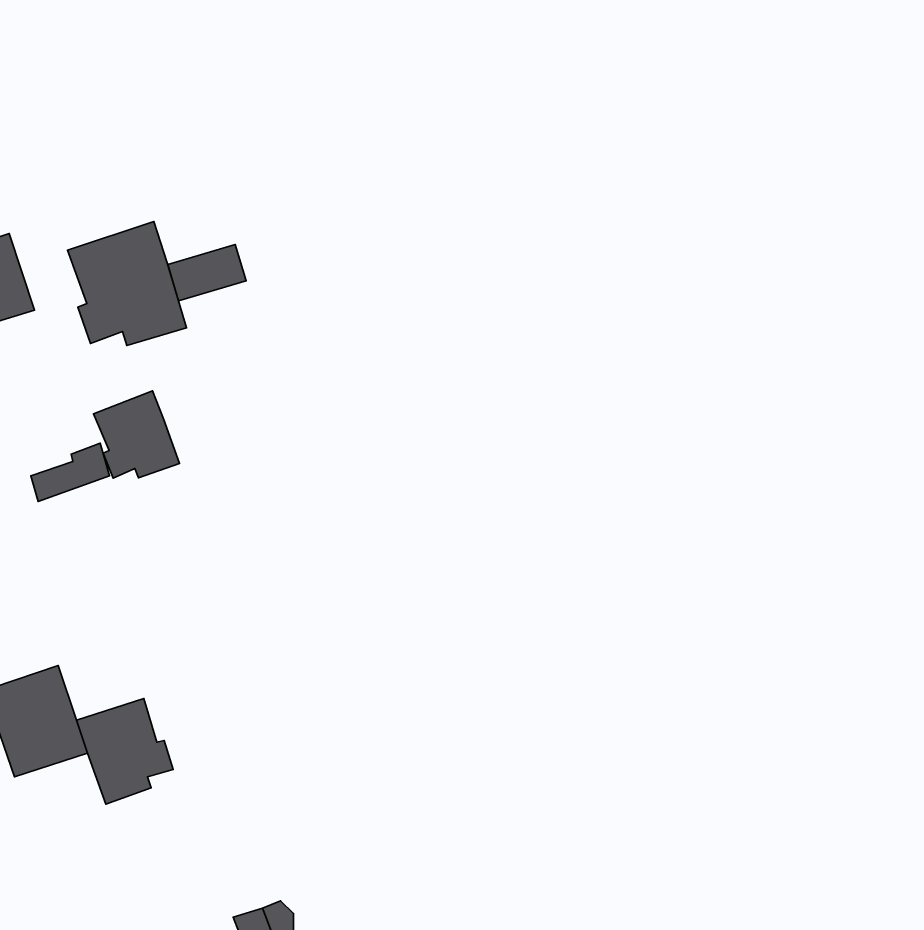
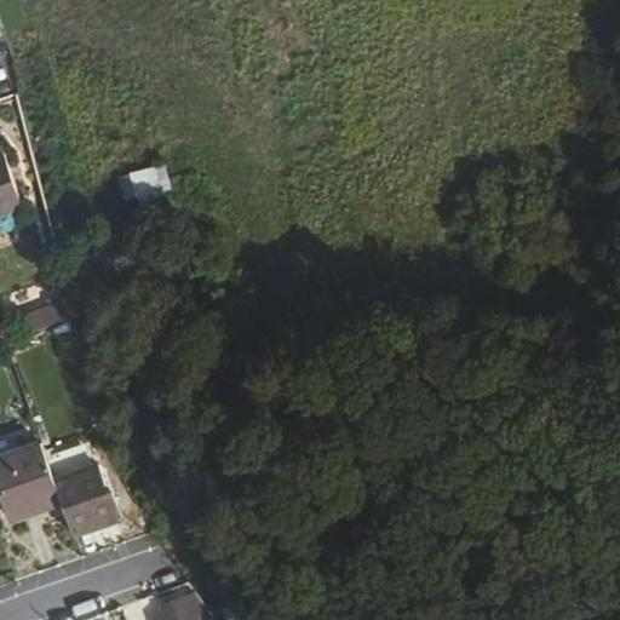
building: [67,222,186,345] -> none
building: [93,391,179,478] -> none

